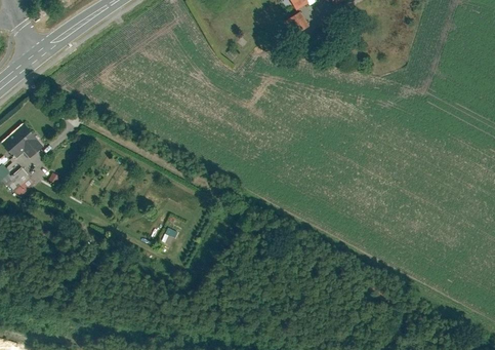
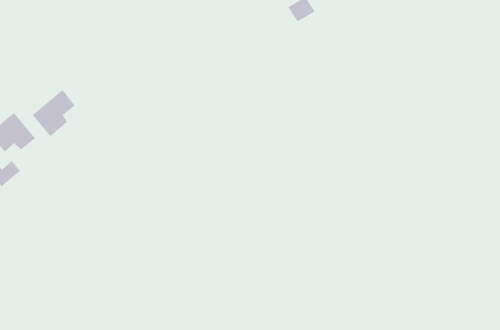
building: none -> [32,89,76,137]

